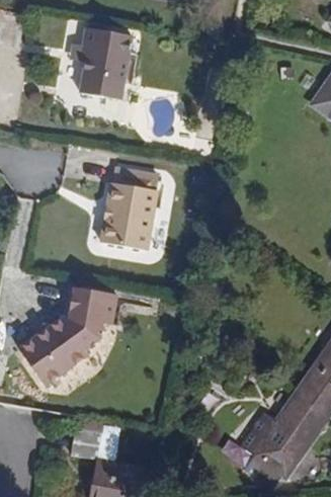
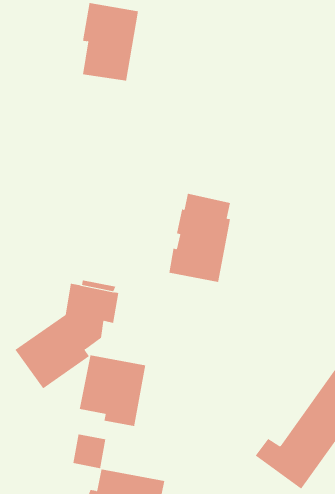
building: [100,168,158,251] -> [169,193,231,283]
building: none -> [79,355,146,427]

